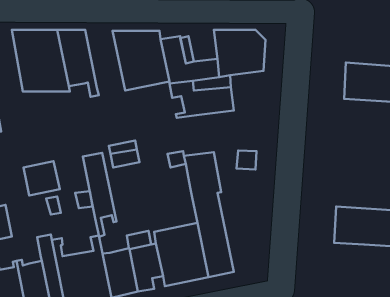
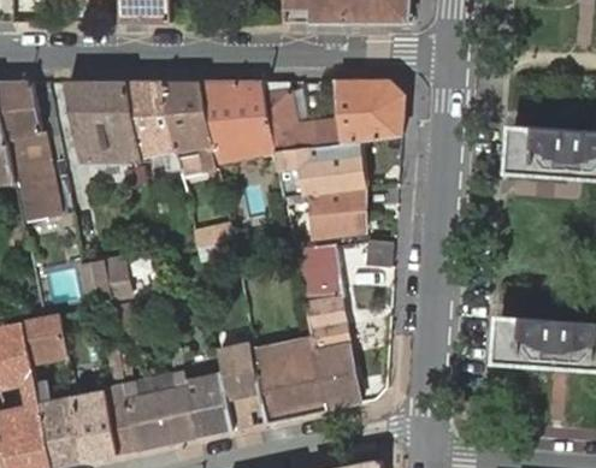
building: none -> [164,81,218,177]
building: none -> [312,188,366,236]
building: [83,153,116,237] -> none

